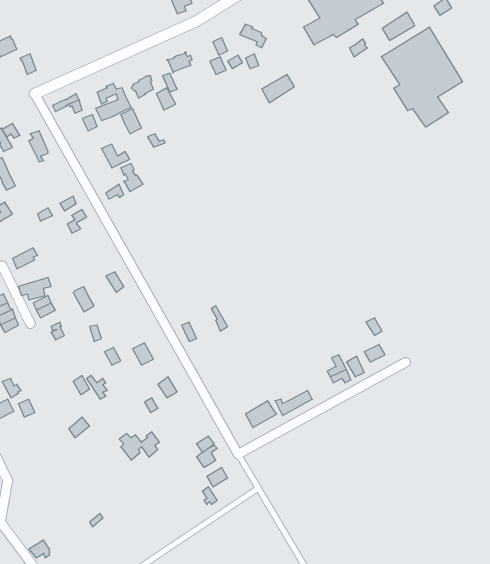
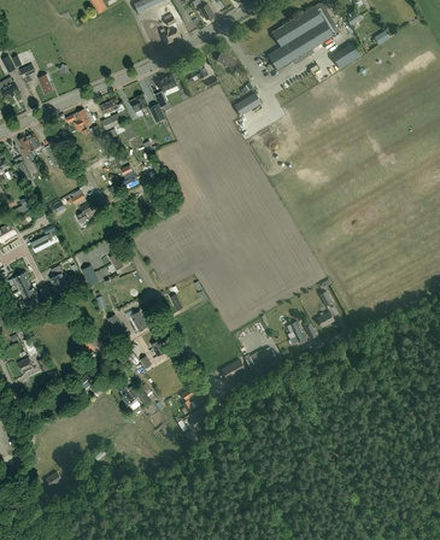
building: [381,27,463,127] -> none

